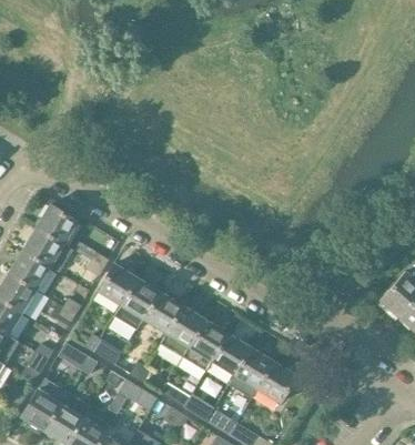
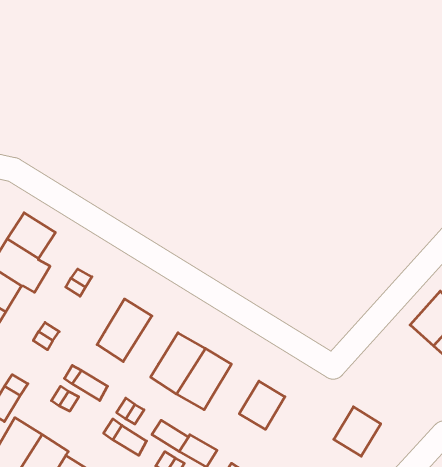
building: [98,265,136,306] -> none
building: [143,293,182,334] -> none
building: [211,334,251,376] -> none
building: [256,362,296,404] -> [334,407,381,456]

